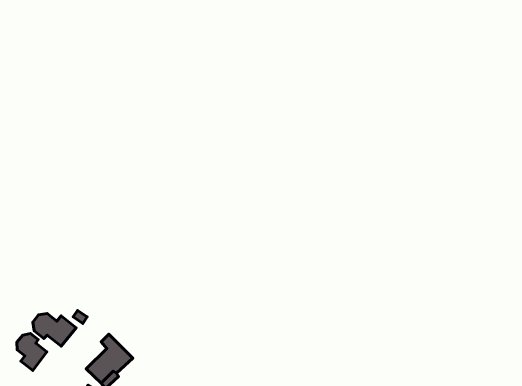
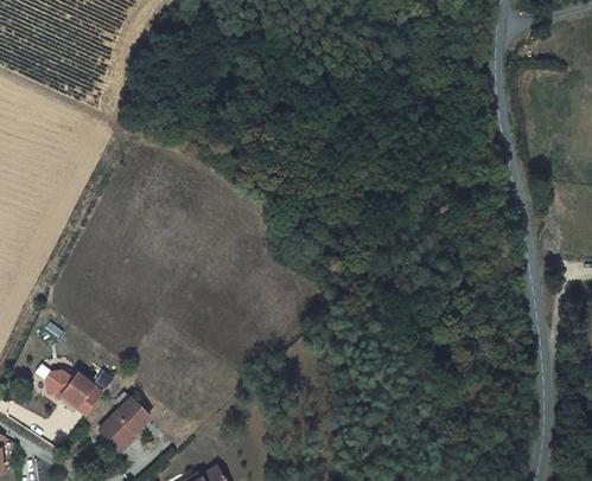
building: [17,333,47,371] -> none

